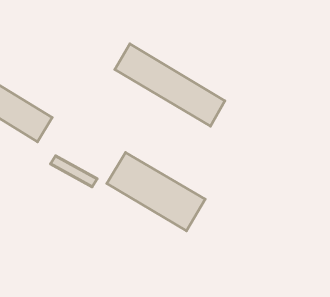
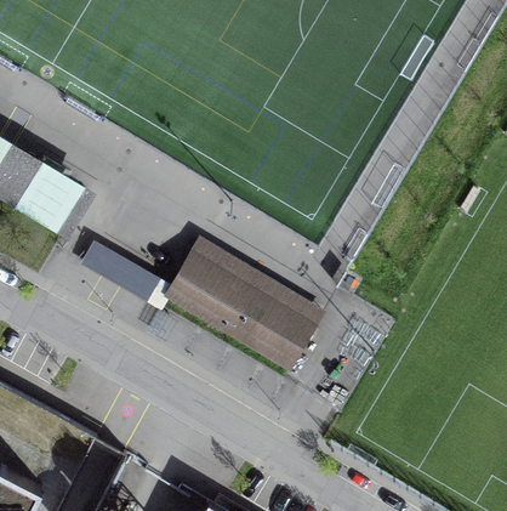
building: [115,44,225,126] -> none

